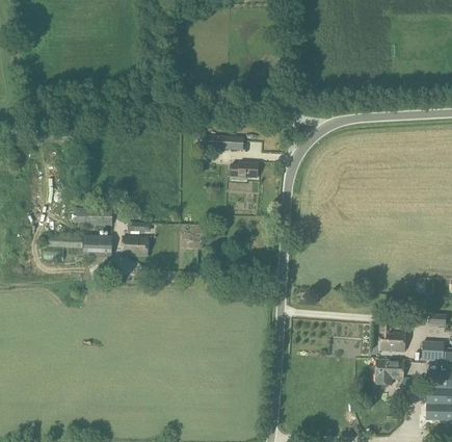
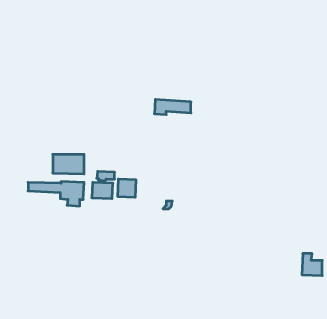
building: [231,162,259,181] -> none
building: none -> [118,179,136,197]
building: [377,360,404,389] -> none

